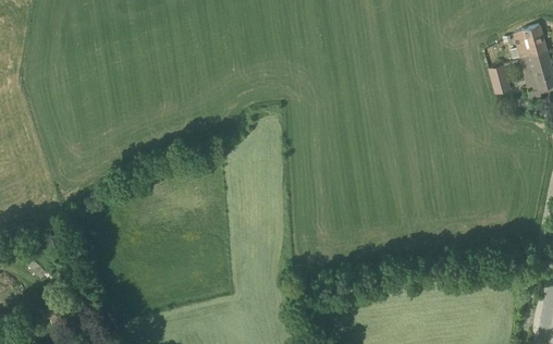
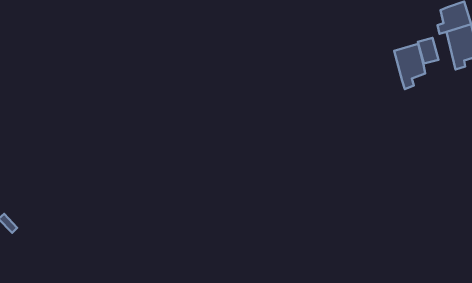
building: none -> [394,44,425,89]

